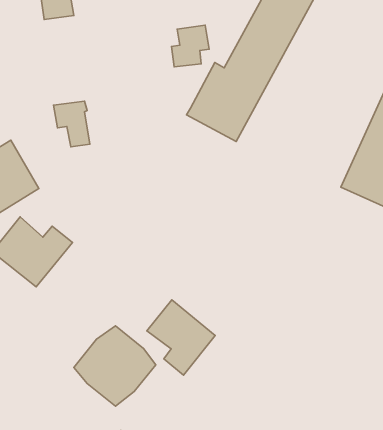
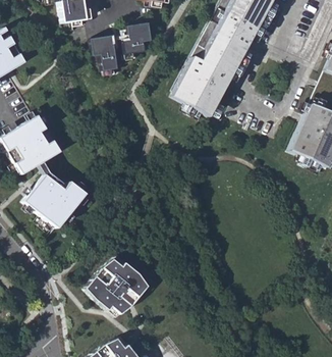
building: [172,25,209,67] -> [123,22,152,54]
building: [54,101,90,147] -> [91,36,118,70]
building: [147,300,215,375] -> none

